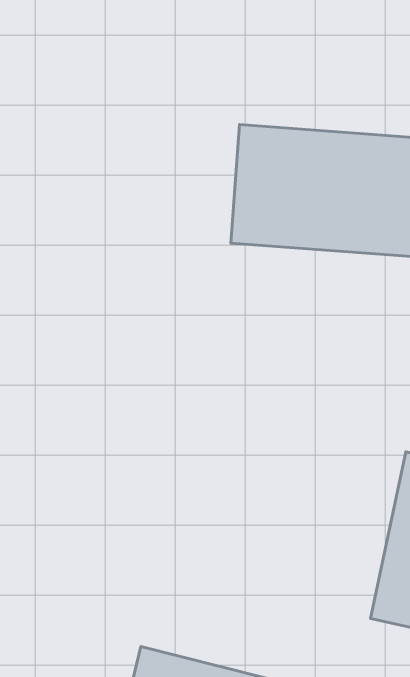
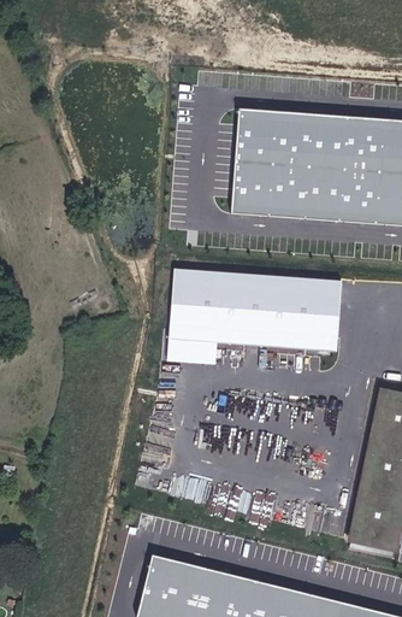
building: none -> [167,271,342,365]

